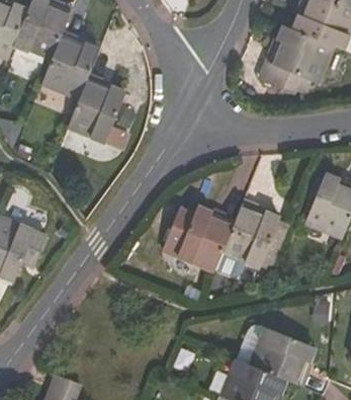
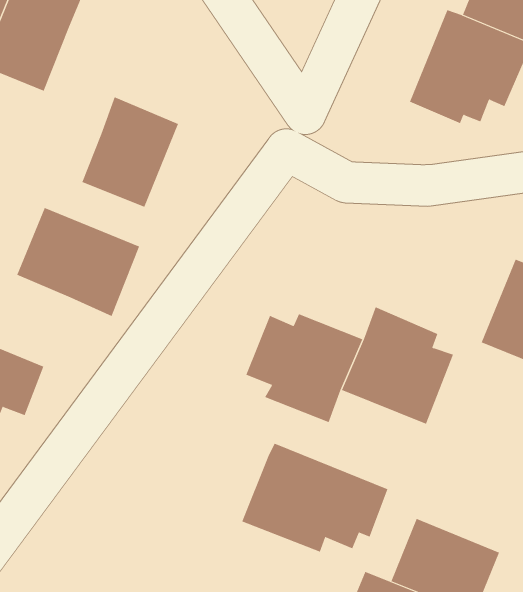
building: [41,35,98,99] -> none
building: none -> [17,207,140,317]
building: none -> [241,443,388,553]

